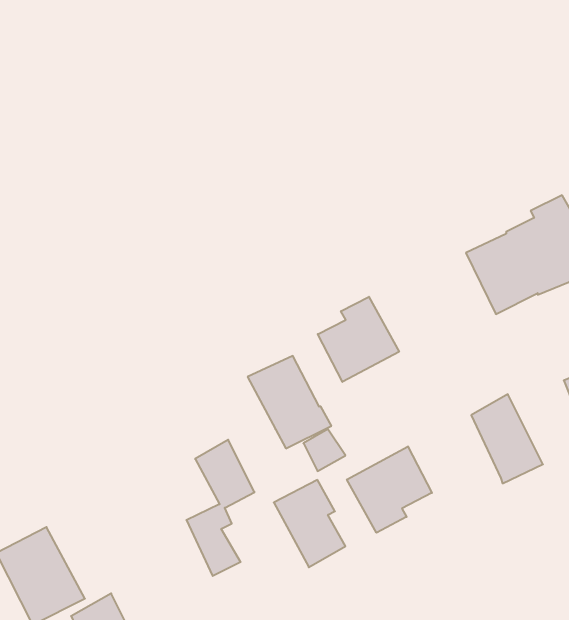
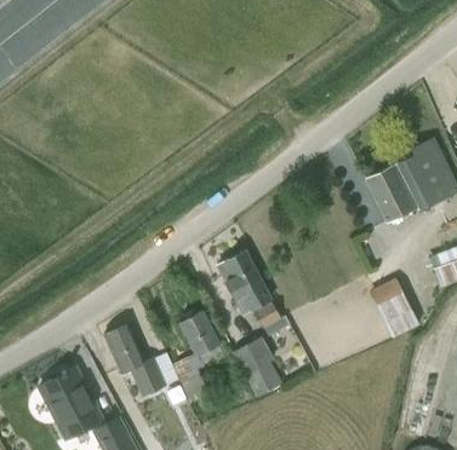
building: [318,297,399,382] -> none
building: [347,446,432,533] -> none
building: none -> [103,323,166,397]

